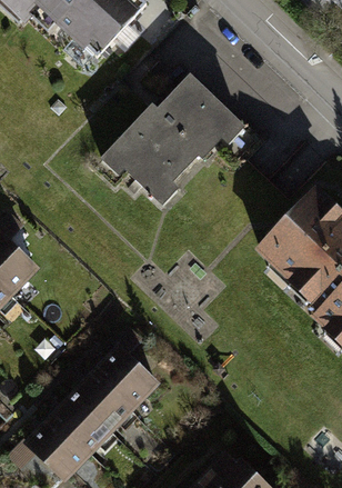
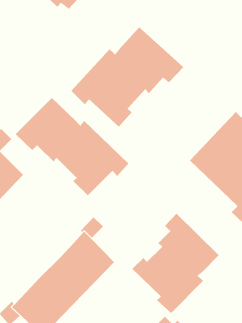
building: none -> [15,97,129,196]
building: none -> [132,213,219,314]

